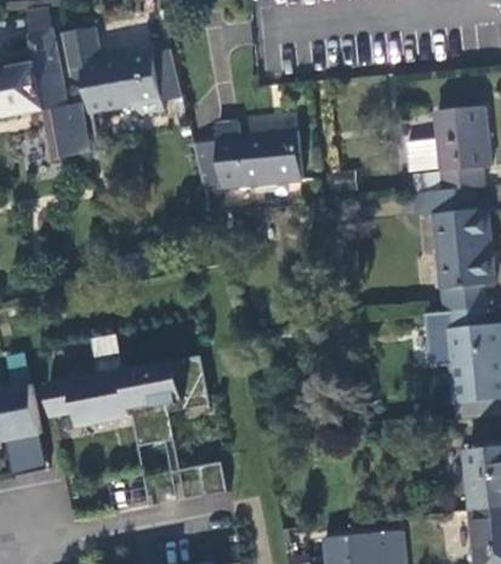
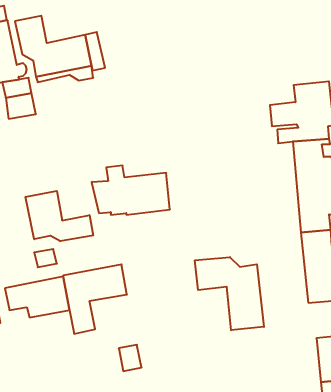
building: [194,120,298,186] -> [92,166,170,215]
building: none -> [26,191,93,241]
building: none -> [195,257,264,330]

